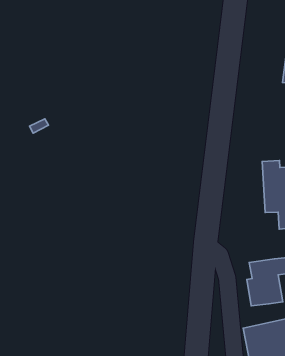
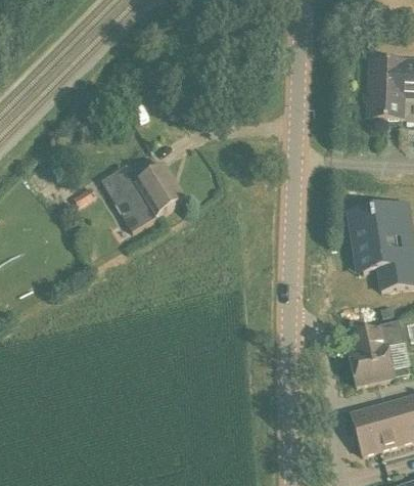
building: none -> [101,163,185,229]

